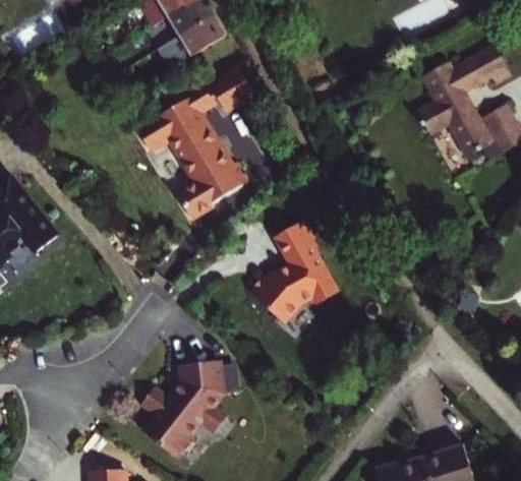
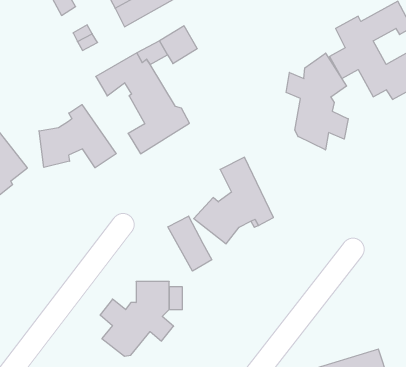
building: none -> [286,53,348,150]
building: none -> [39,105,116,168]
building: none -> [168,216,212,271]

